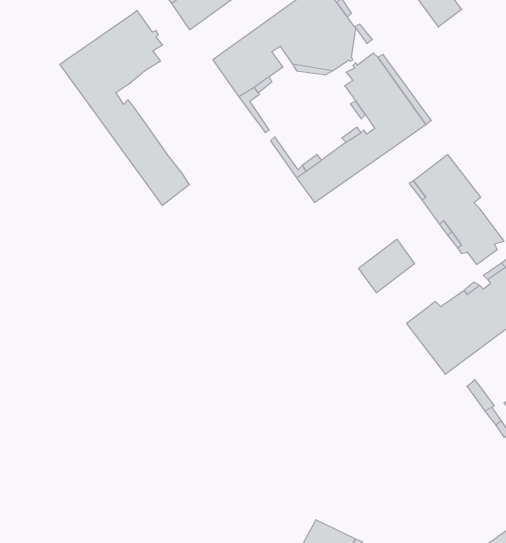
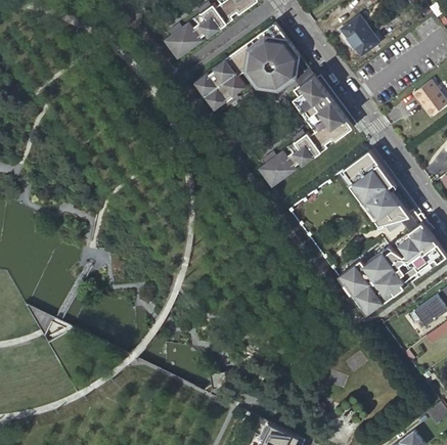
building: [60,10,189,206] -> none
building: [359,239,415,293] -> none

